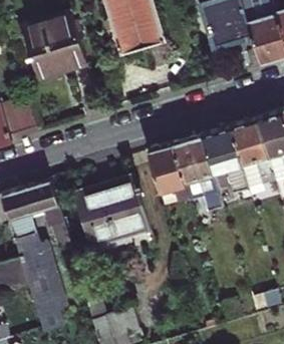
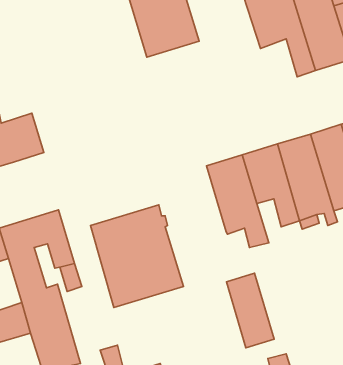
building: [23,13,85,80] -> none
building: [148,144,187,206] -> [226,273,274,348]

